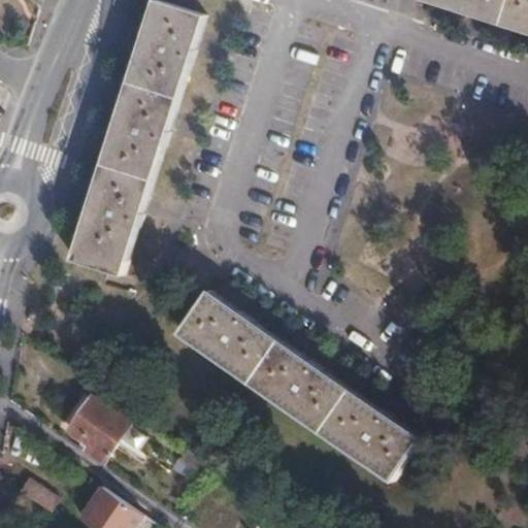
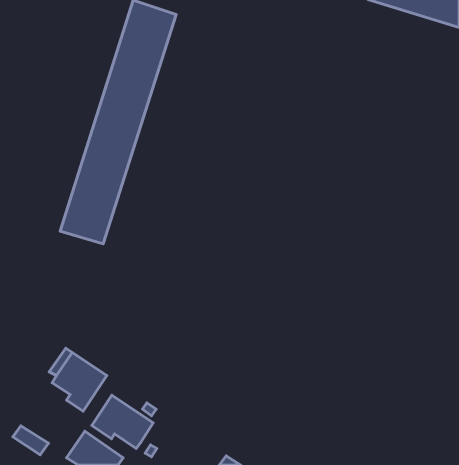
building: [177,293,417,480] -> none
building: none -> [92,395,153,449]

